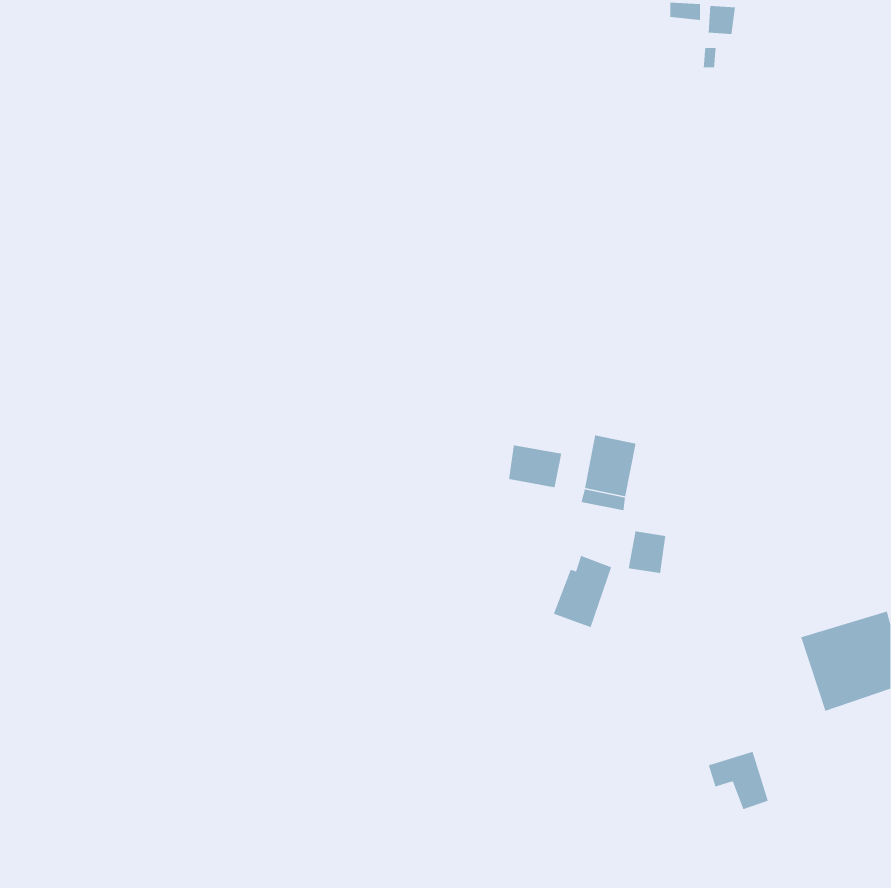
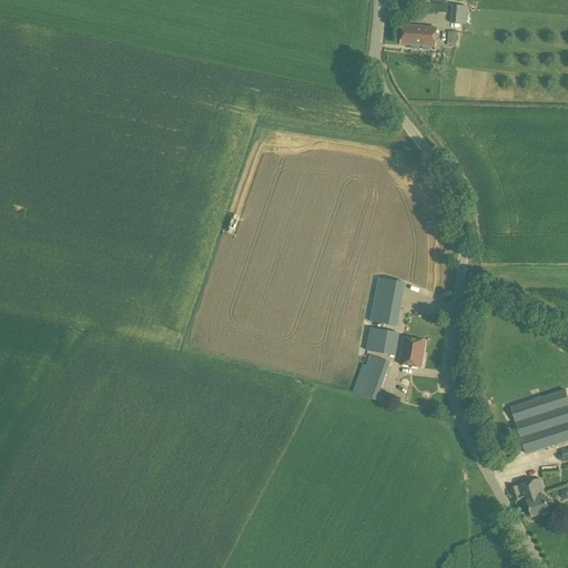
building: none -> [400,23,436,45]
building: [508,445,562,488] -> [366,326,400,354]
building: [708,751,769,810] -> [510,477,549,515]

